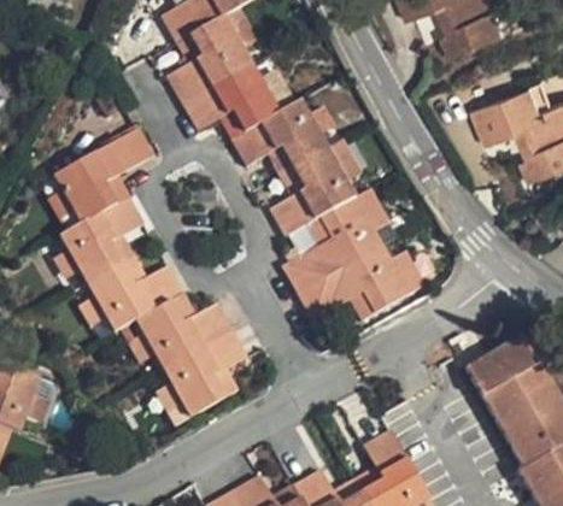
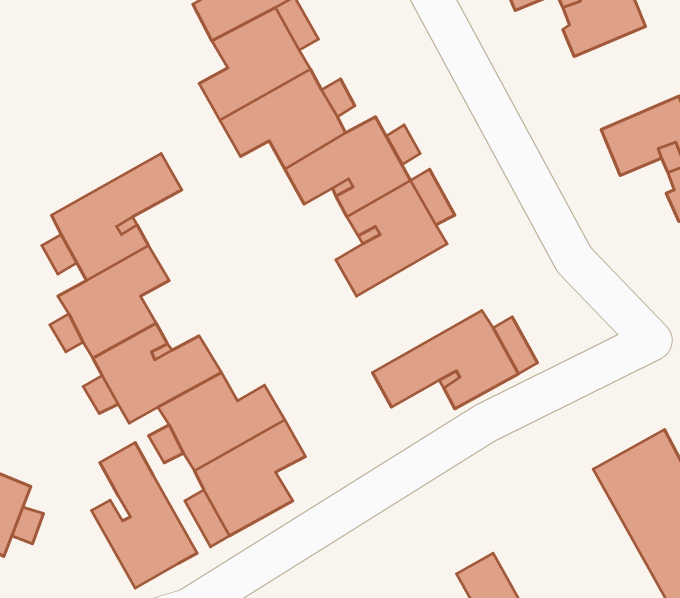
building: [283,188,389,293] -> none
building: none -> [91,442,197,588]

